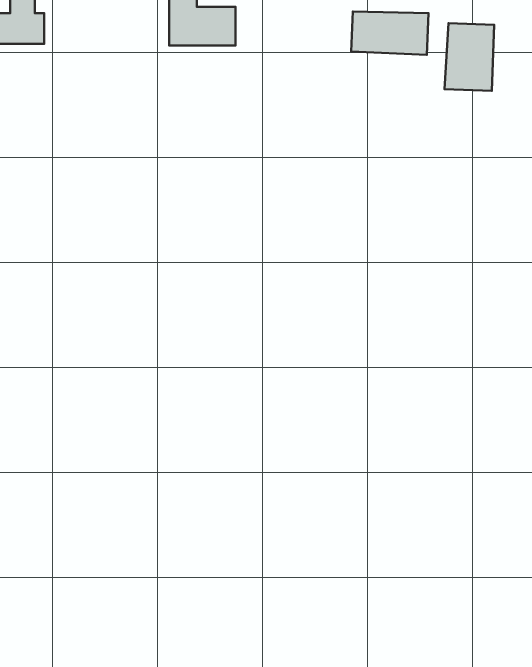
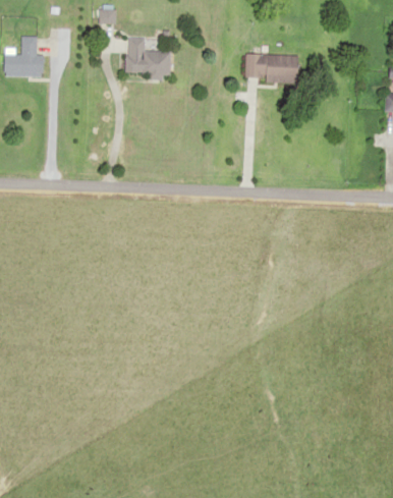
building: [445,23,494,91] -> none

